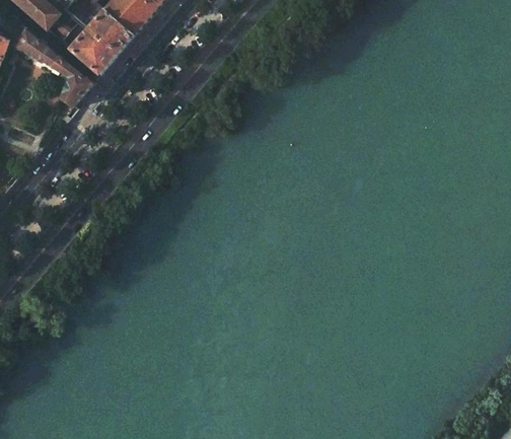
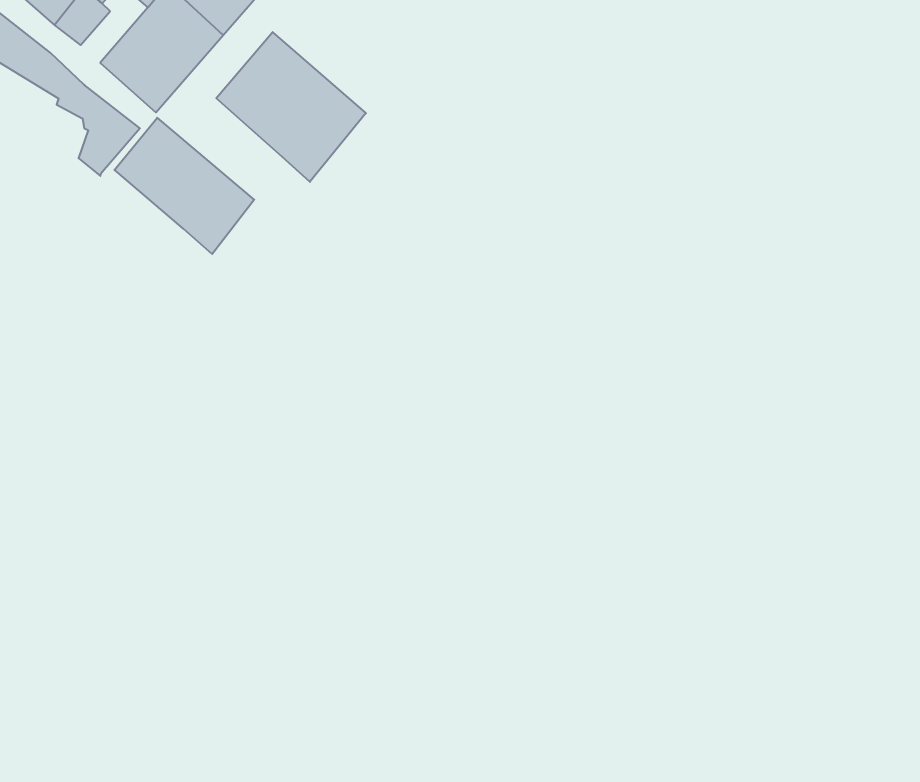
building: none -> [216,32,366,182]
building: none -> [114,118,254,254]

